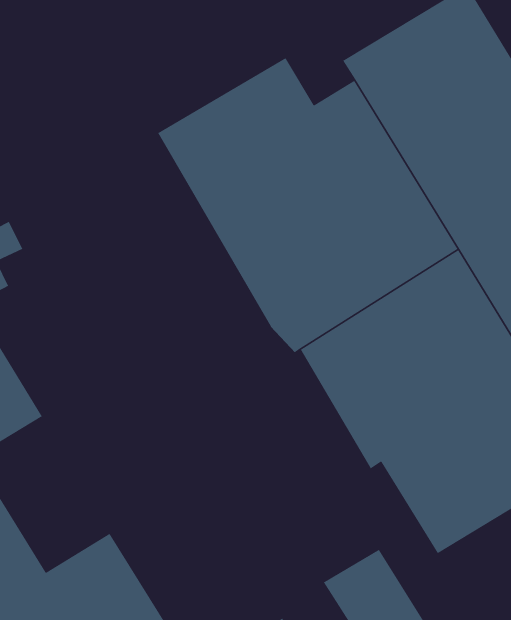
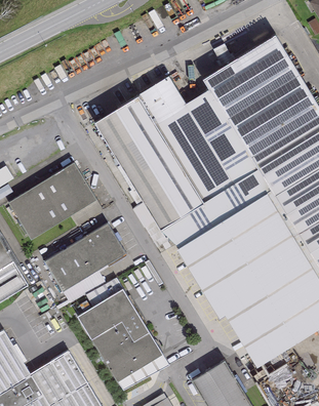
building: none -> [7,162,95,239]
building: none -> [43,224,125,292]
building: none -> [76,288,162,381]

